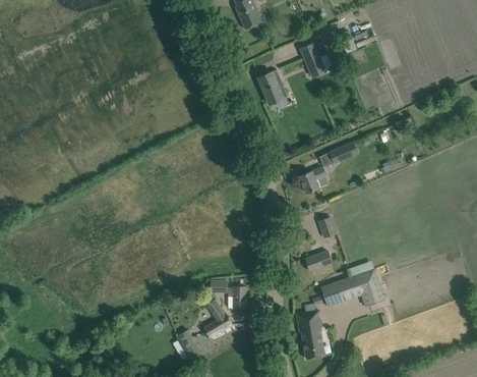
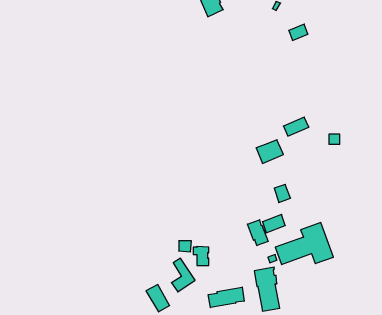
building: [300,43,331,76] -> none
building: [257,69,287,104] -> none
building: none -> [247,220,268,246]
building: none -> [208,287,244,308]

